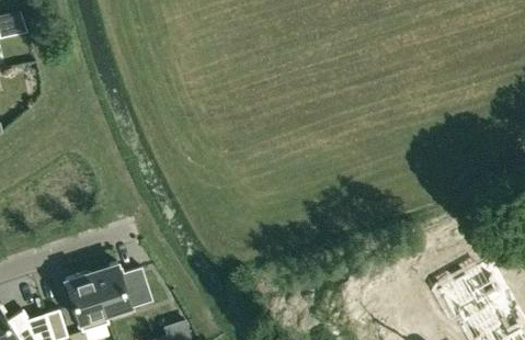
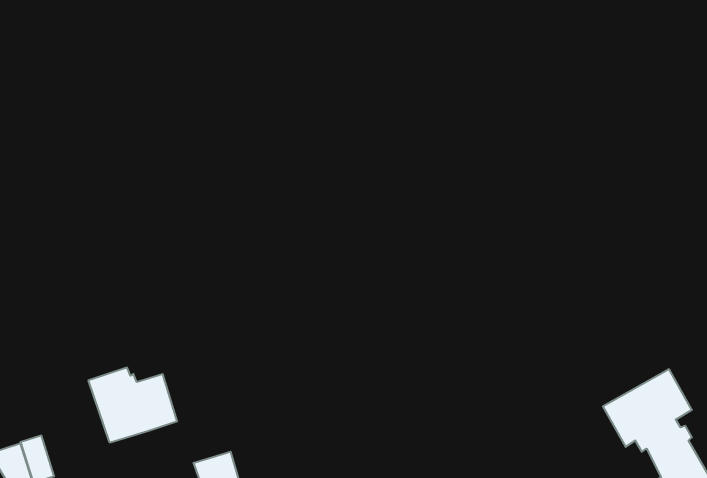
building: [65,273,109,333] -> none

